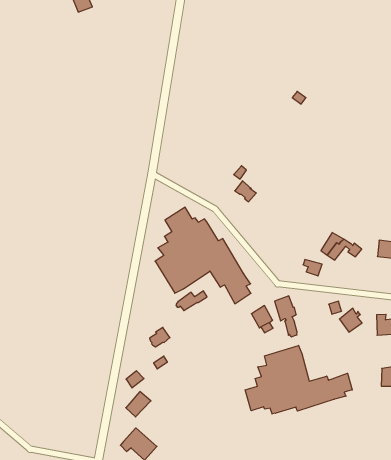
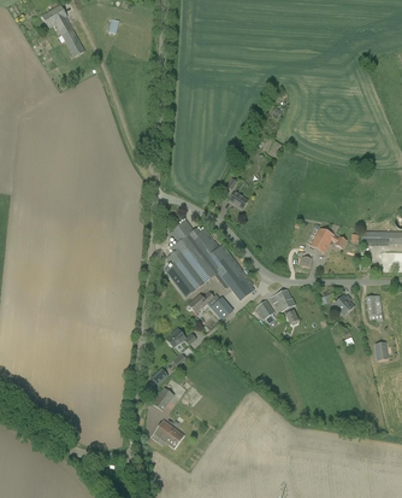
building: [245,345,352,414] -> none

